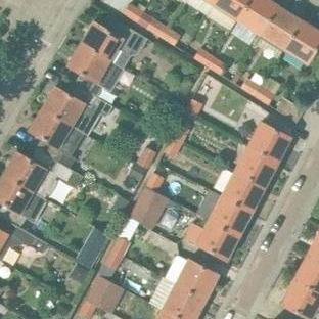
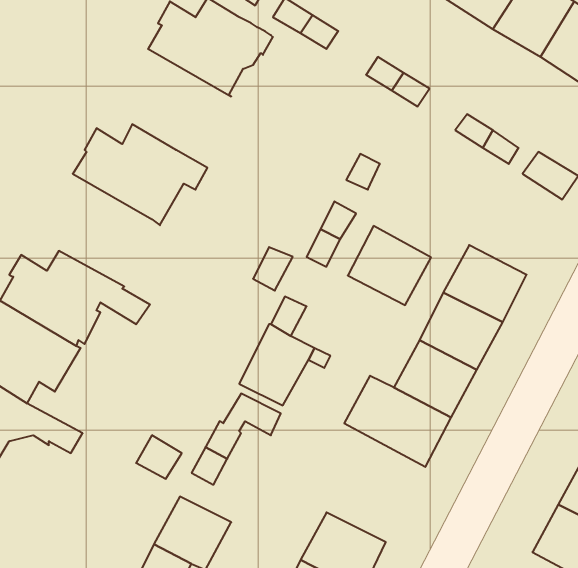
building: [66,45,125,97] -> none
building: [28,109,84,168] -> none
building: [247,121,290,162] -> [348,226,431,305]
building: [174,258,219,300] -> none

